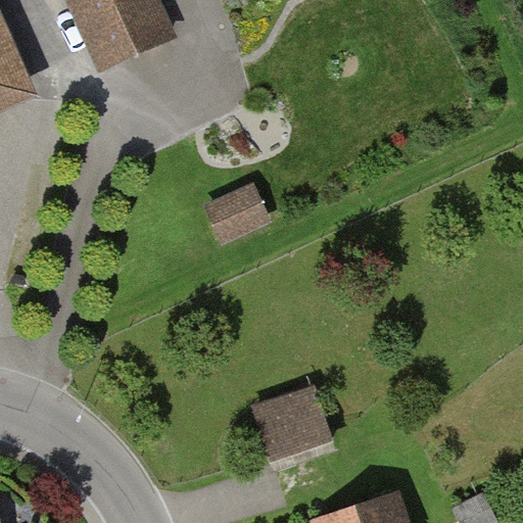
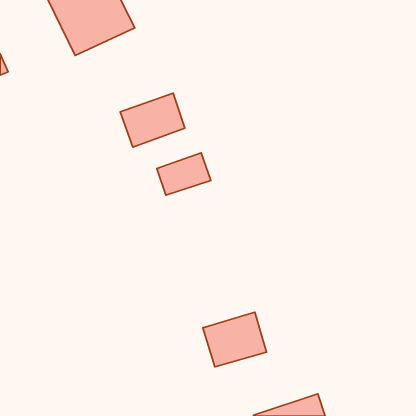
building: none -> [120,93,185,147]

